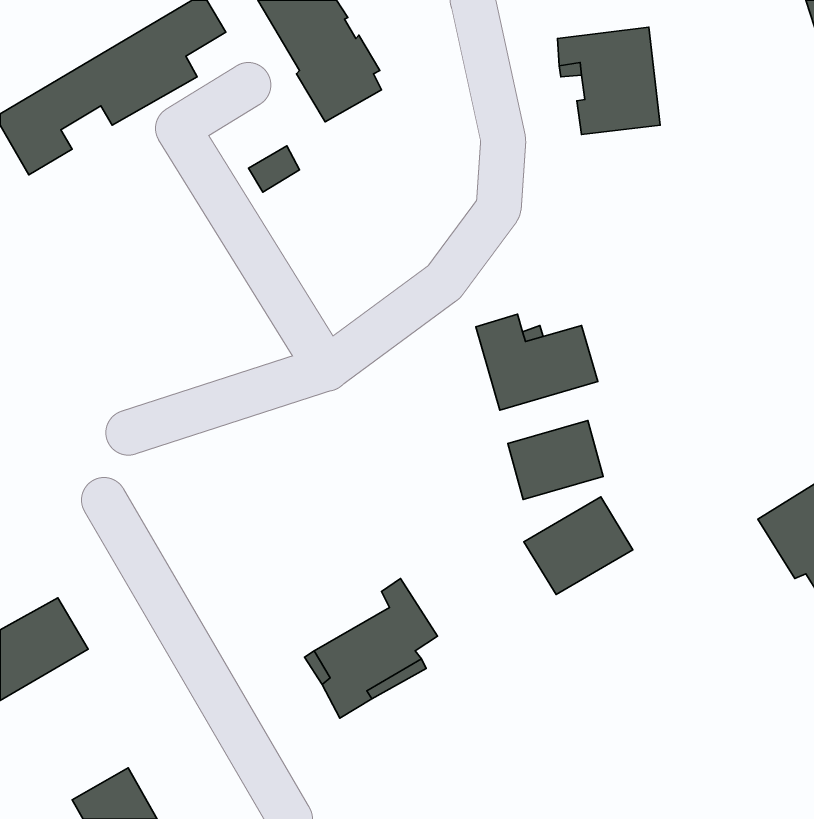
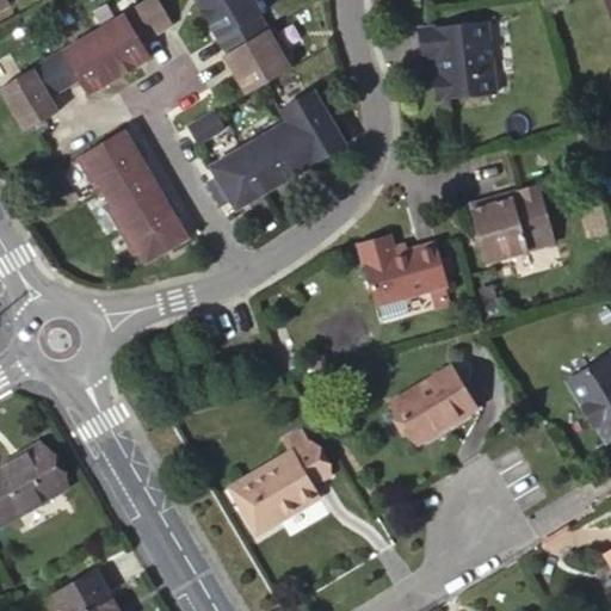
building: none -> [210,85,347,214]
building: none -> [75,130,199,263]
building: none -> [471,184,558,263]
building: [508,420,603,500] -> none

